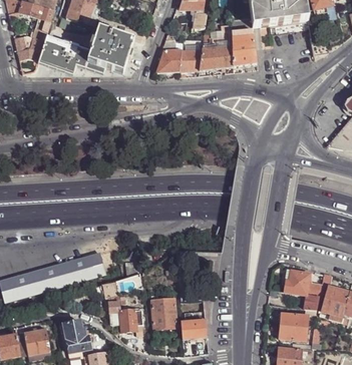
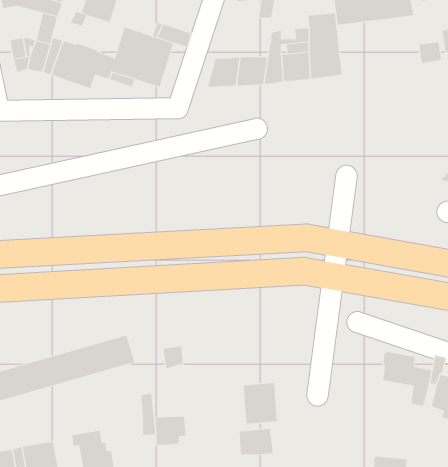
building: [150,300,175,330] -> [243,383,278,424]
building: [279,308,309,335] -> none

